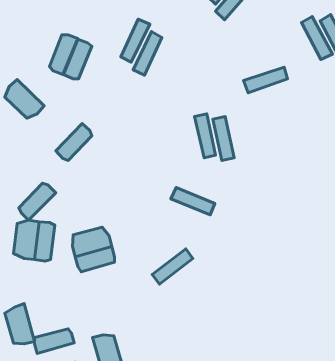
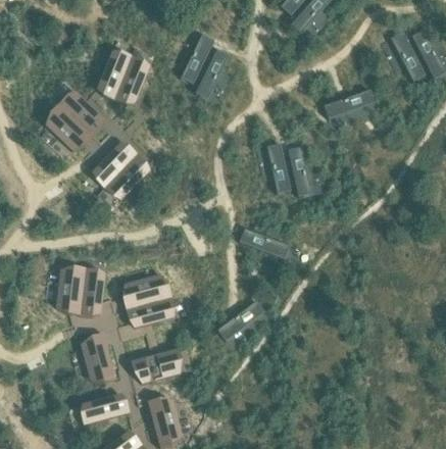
building: none -> [60,92,103,135]
building: [19,183,56,220] -> [93,144,136,187]
building: none -> [133,349,180,384]
building: [5,304,35,344] -> [80,333,114,380]

